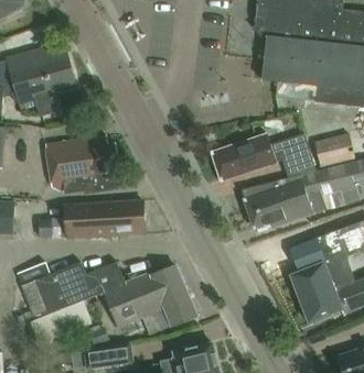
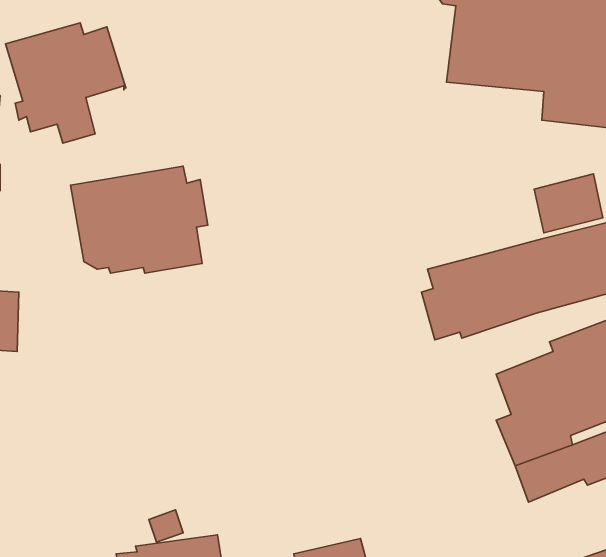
building: [211,133,315,180] -> none
building: [60,200,144,238] -> none
building: [18,261,194,328] -> none

